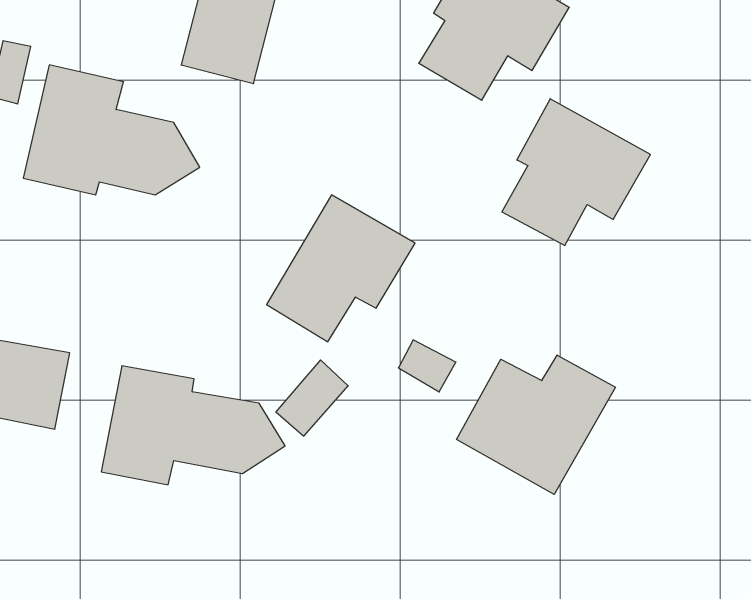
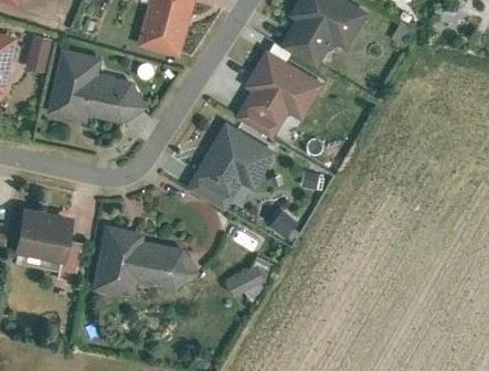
building: [502,99,650,245] -> [236,51,325,138]
building: [457,355,615,494] -> none
building: [276,360,348,436] -> [228,253,272,298]

